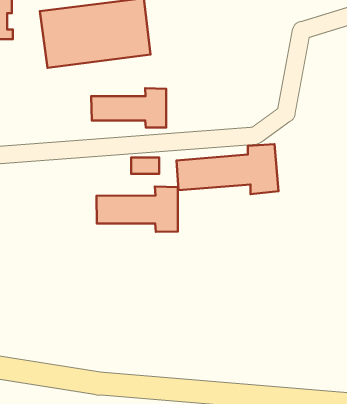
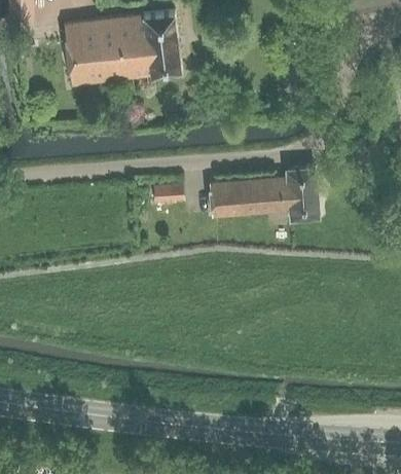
building: [91,88,166,128] -> none
building: [96,187,178,232] -> none

